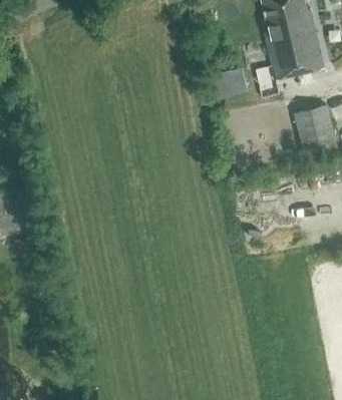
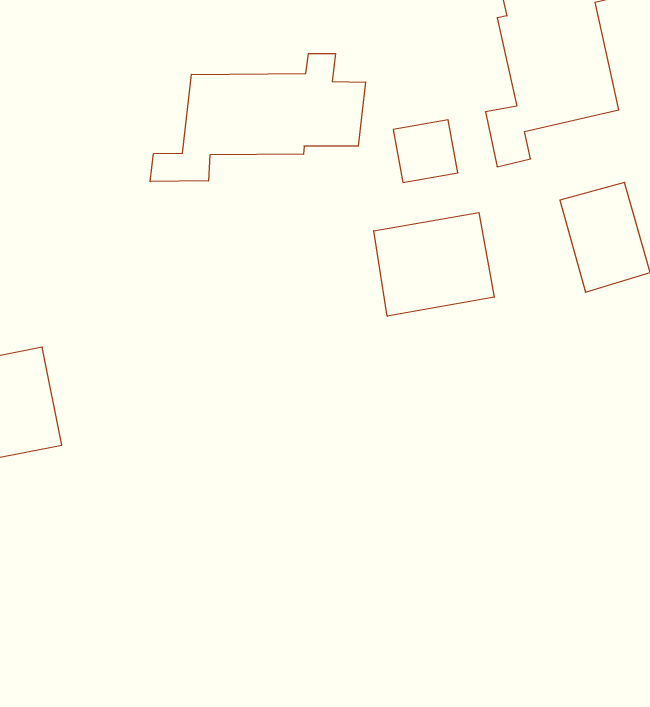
building: none -> [150,54,366,182]
building: none -> [374,213,494,316]

